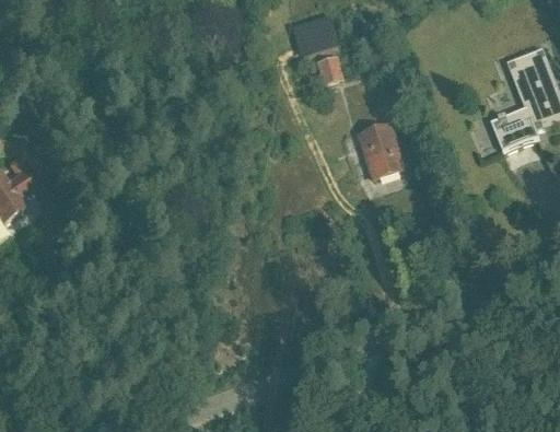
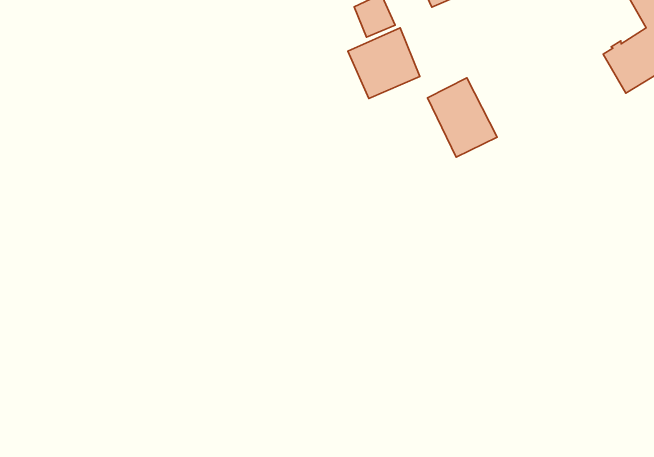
building: none -> [348,28,420,99]

